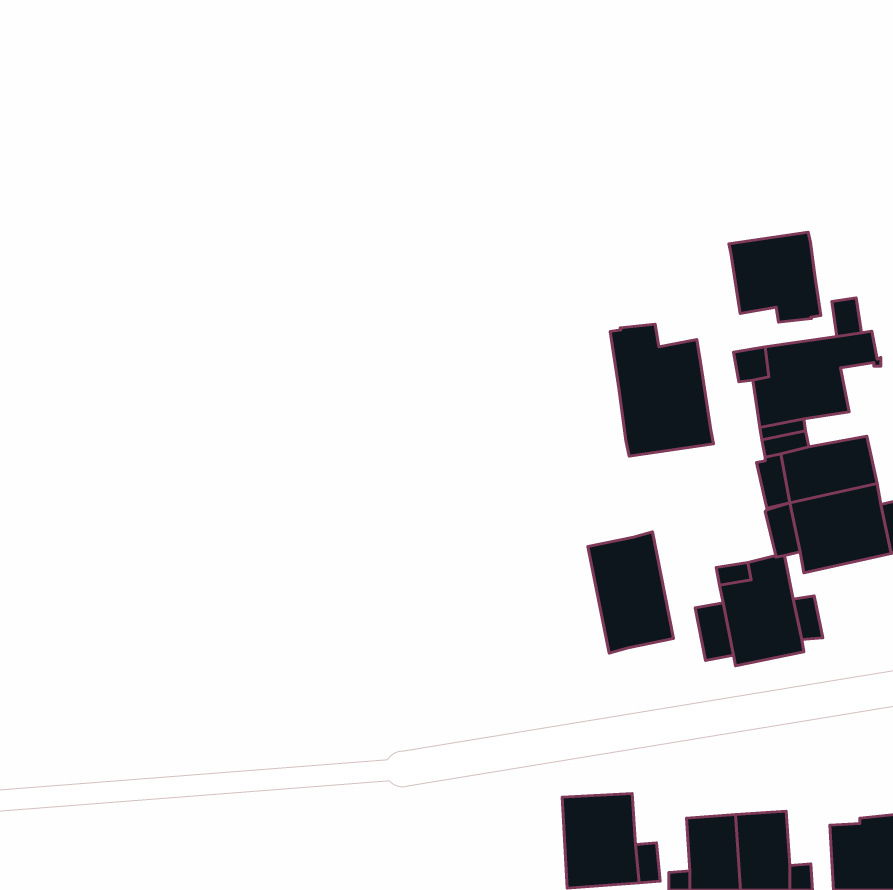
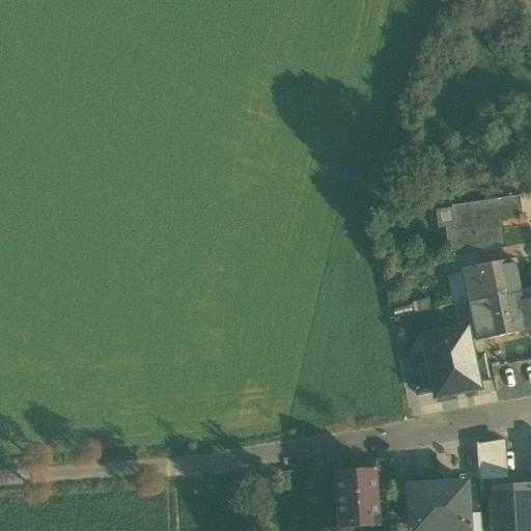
building: [729,232,821,322] -> none
building: [610,324,713,456] -> none
building: [588,532,674,653] -> none
building: none -> [477,438,507,477]

